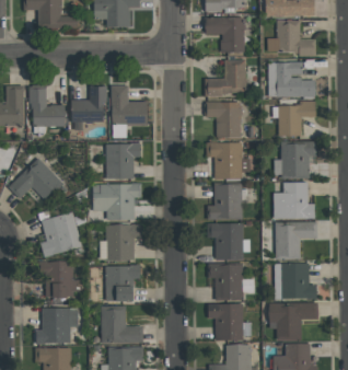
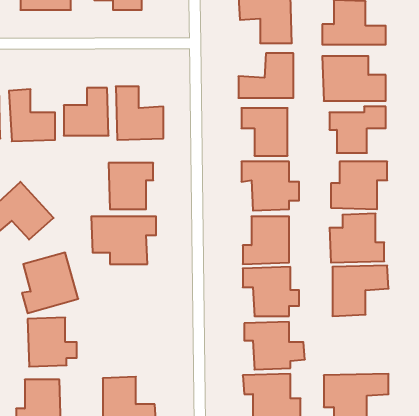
building: [98,224,141,261] -> none
building: [274,263,316,301] -> none
building: [105,265,140,301] -> none

